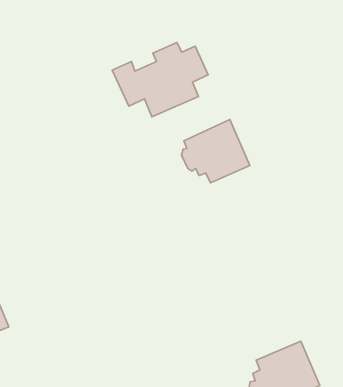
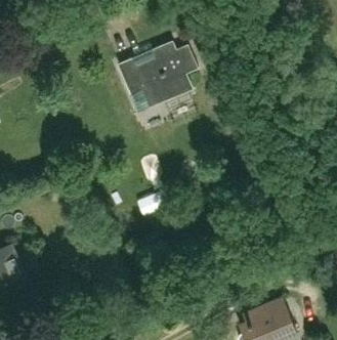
building: [181,119,250,183] -> none

